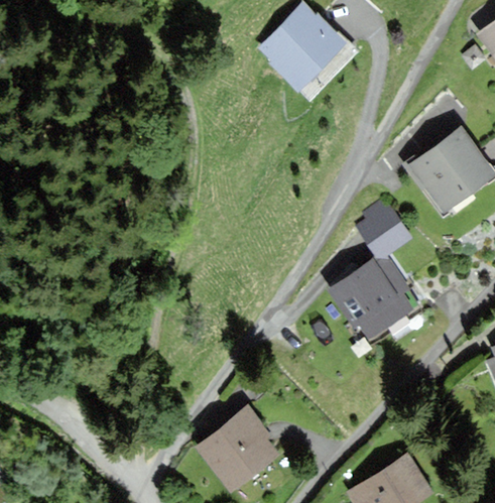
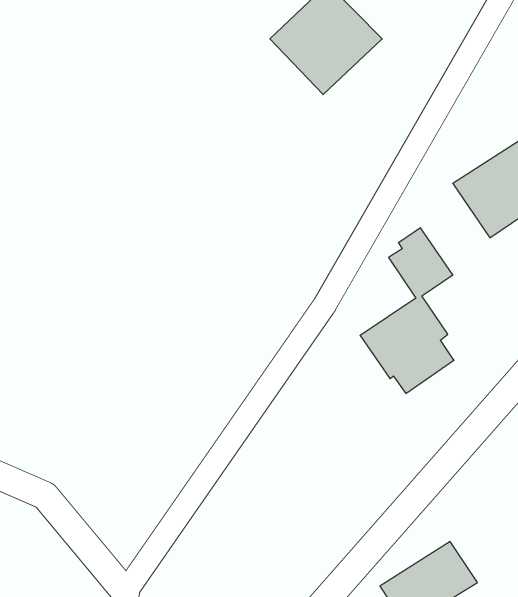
building: [198,407,273,487] -> none

